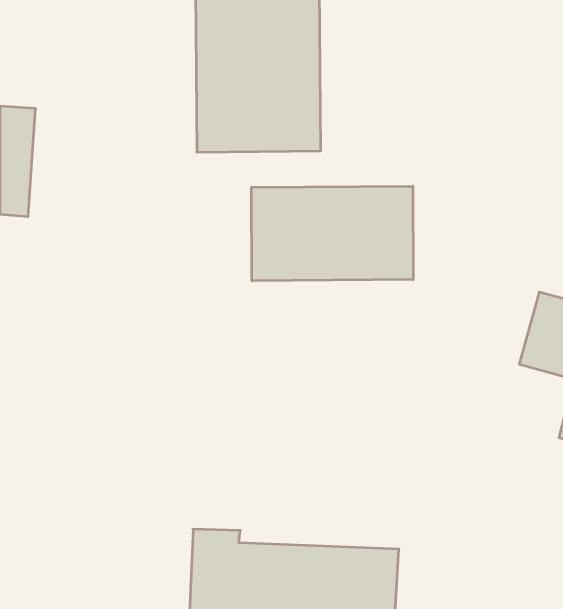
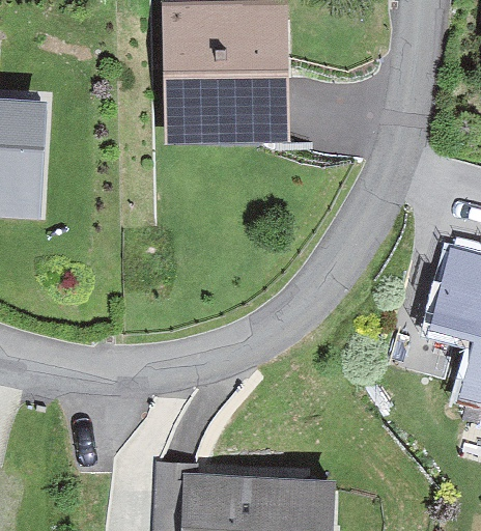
building: [252,186,413,281] -> none

